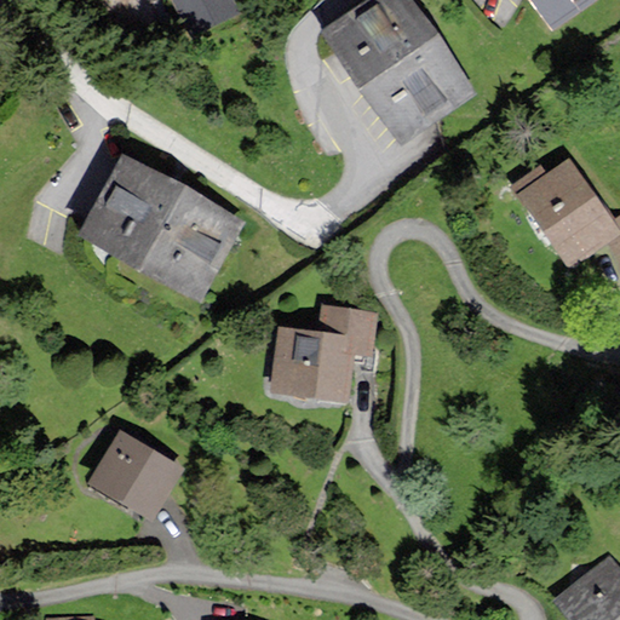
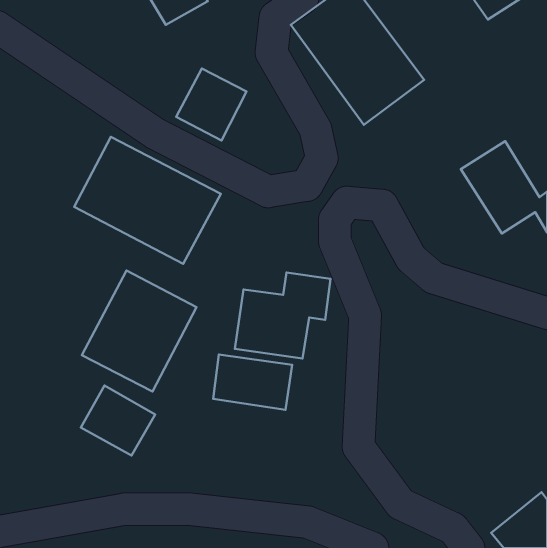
building: none -> [176,69,247,140]
building: none -> [82,271,196,391]
building: none -> [213,355,292,410]

